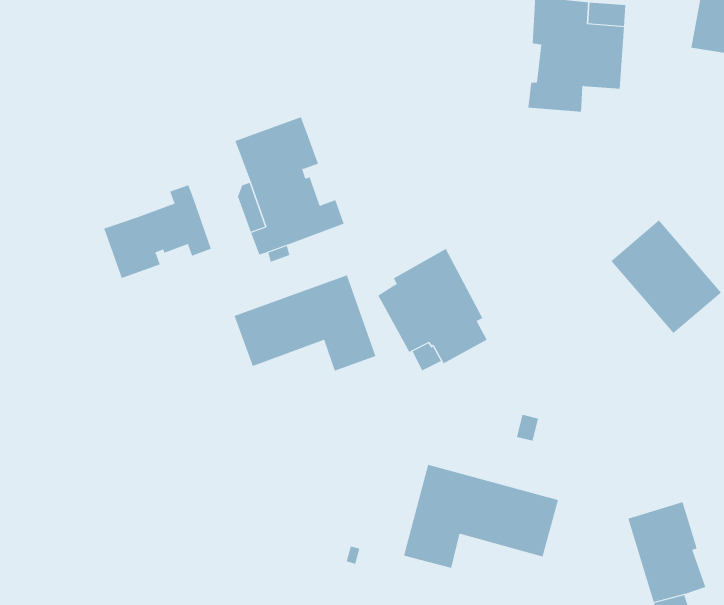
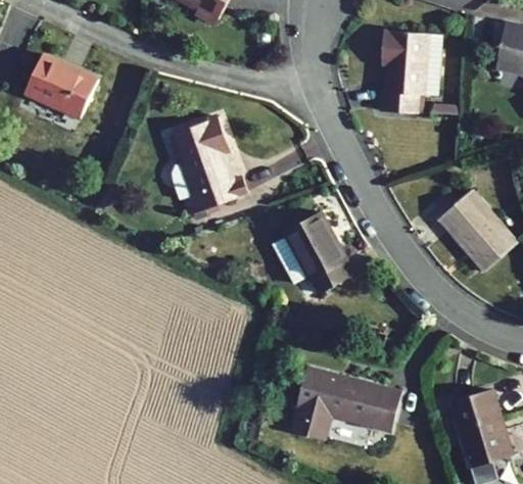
building: none -> [25,54,98,118]
building: [103,185,212,279] -> none
building: [234,274,376,371] -> none

